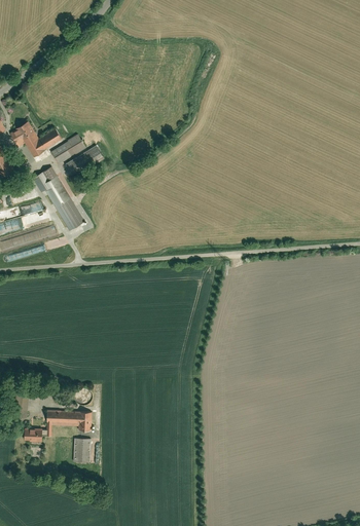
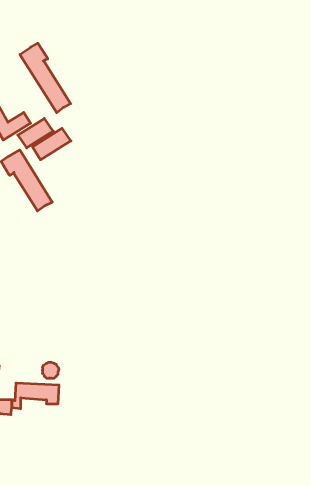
building: none -> [20,43,71,113]
building: [73,439,91,462] -> none

